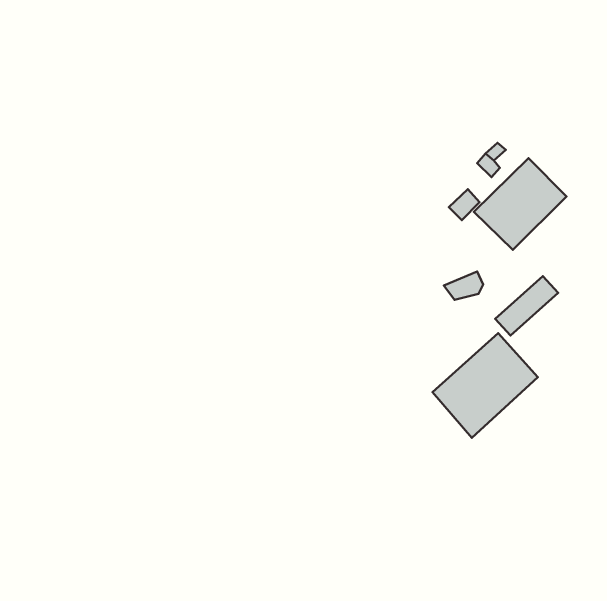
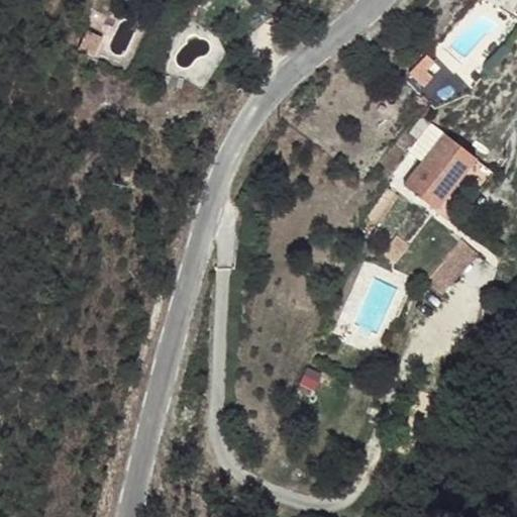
building: [432,333,538,438] -> none

